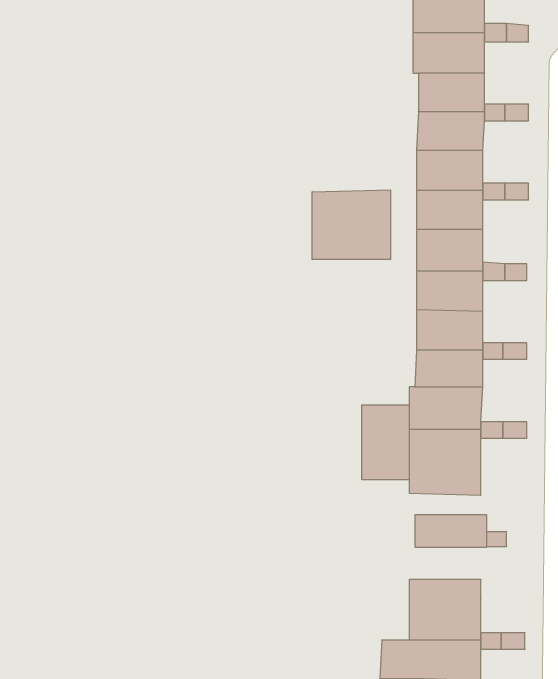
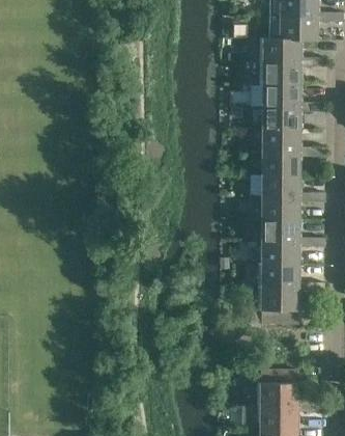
building: [312,190,390,260] -> none
building: [362,405,409,480] -> none
building: [415,515,486,547] -> none

